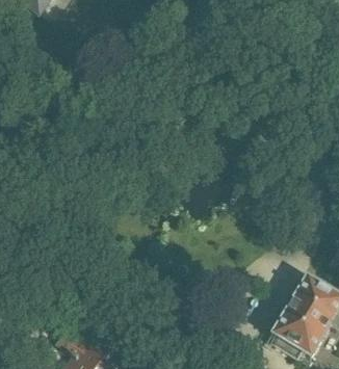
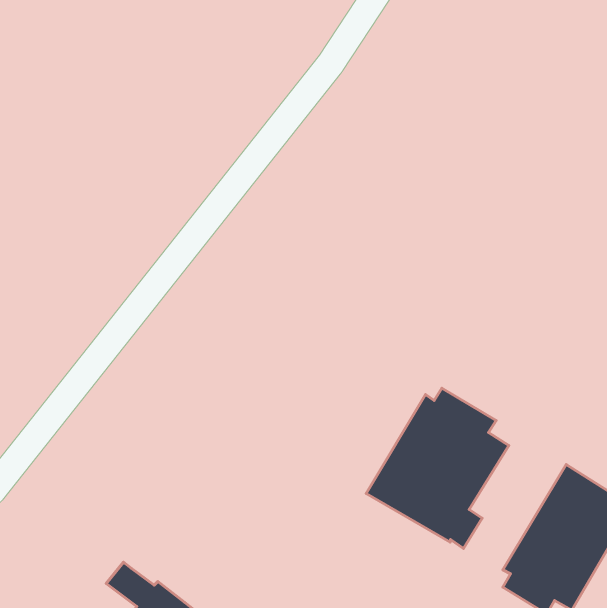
building: none -> [366,388,509,548]

